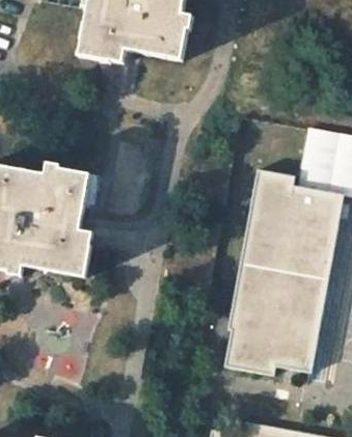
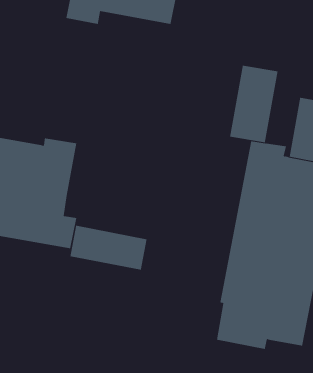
building: none -> [229,65,278,143]
building: none -> [70,225,147,271]

